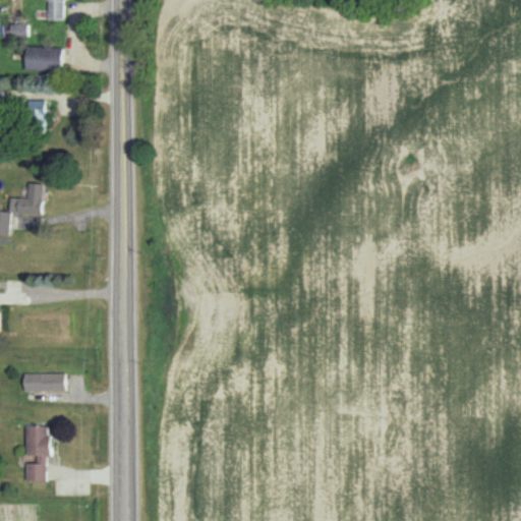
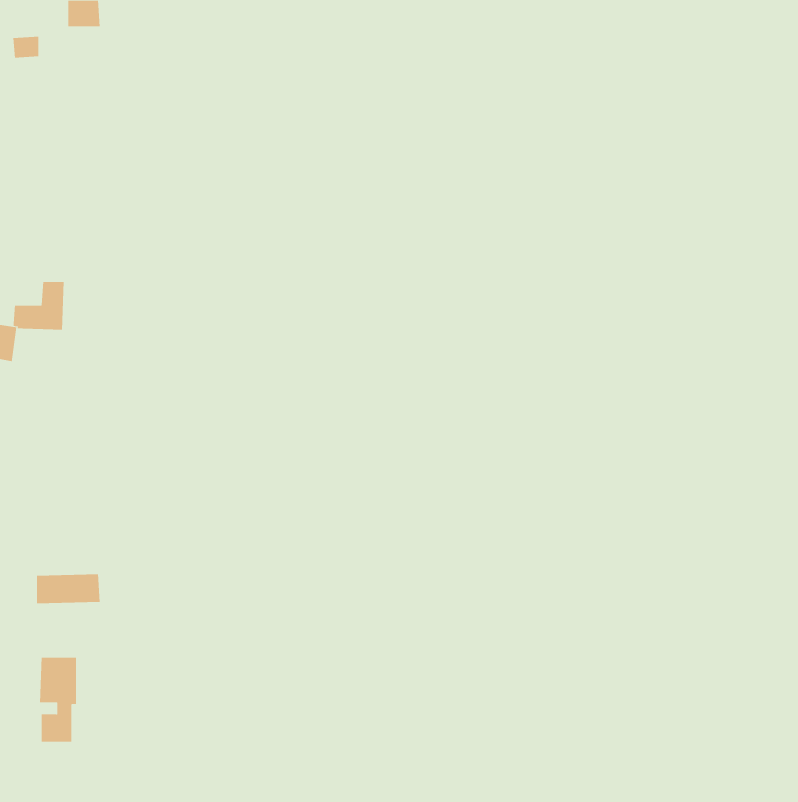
building: [23,47,60,72] -> none
building: [26,101,44,129] -> none

